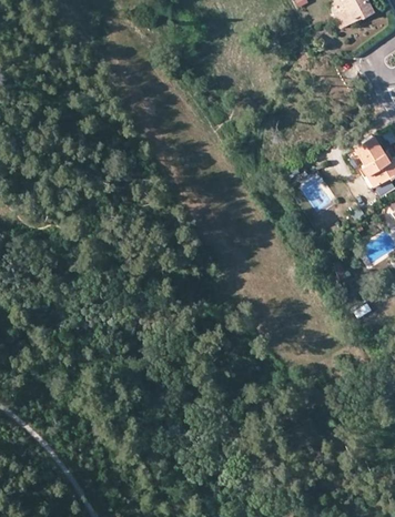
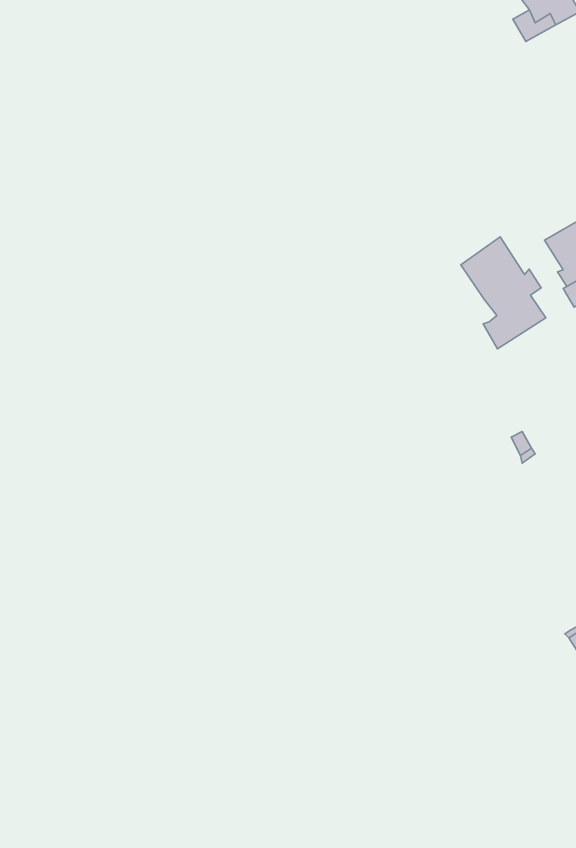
building: none -> [461,237,546,349]

